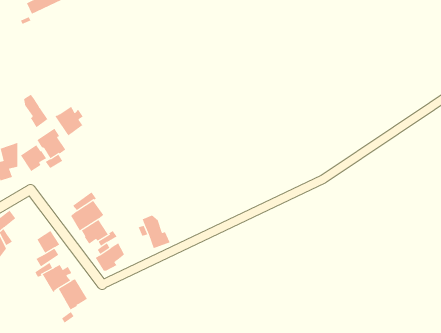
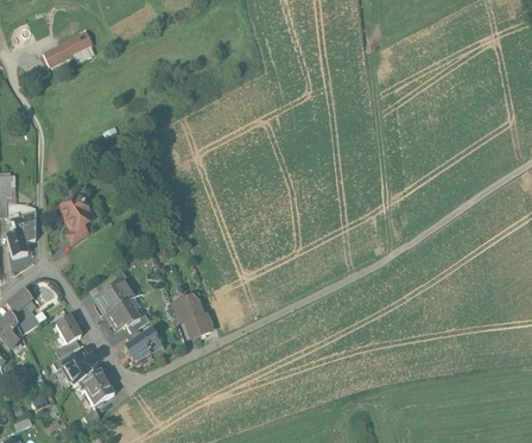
building: [23,94,48,128] -> none
building: [54,106,84,137] -> none
building: [20,143,47,172] -> none

